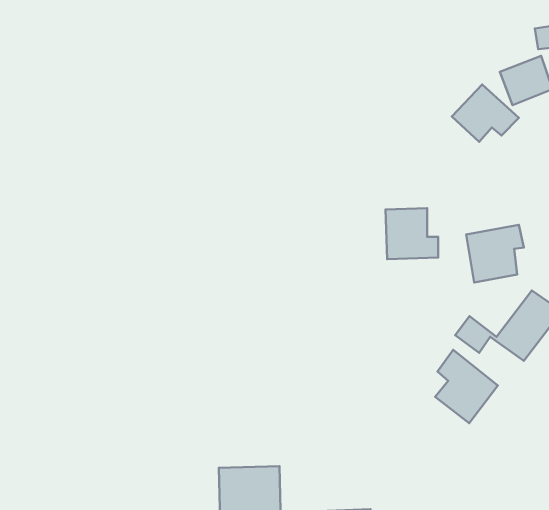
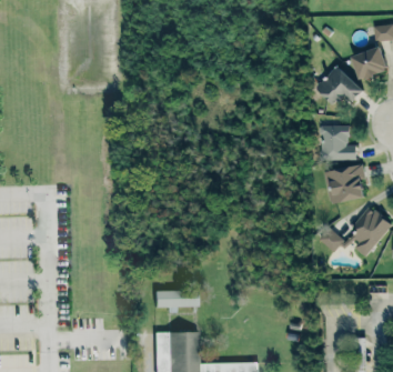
building: [386,208,438,259] -> [322,124,359,160]
building: [435,350,498,423] -> none
building: none -> [155,289,199,308]

